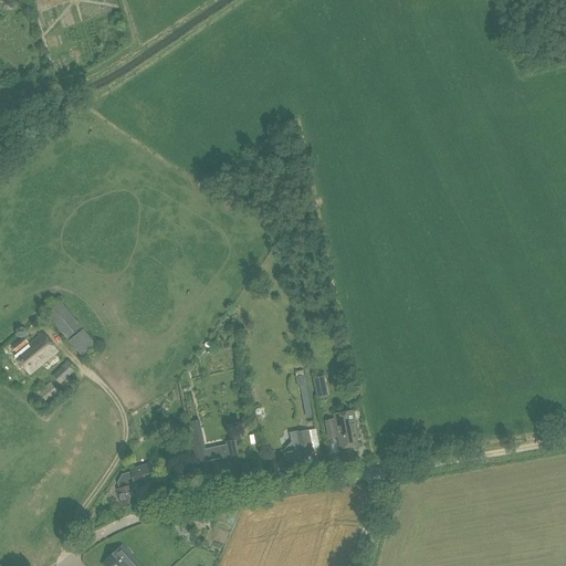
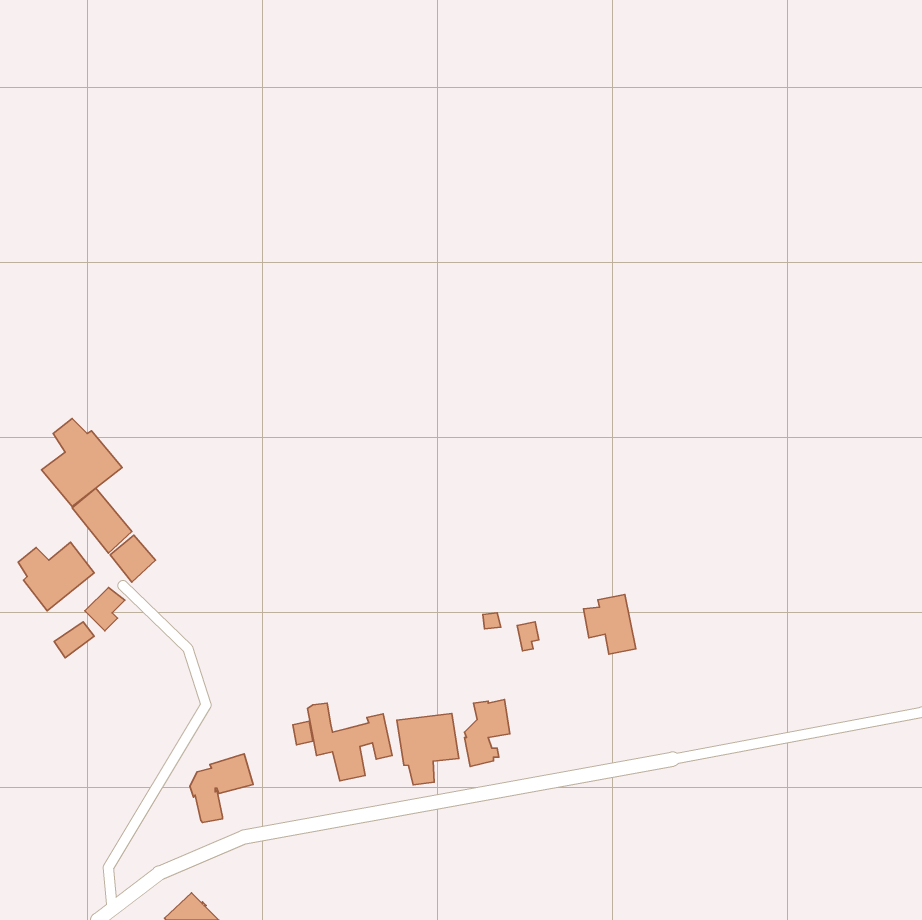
building: none -> [42,419,122,507]
building: [325,410,357,447] -> [583,594,636,654]
building: none -> [397,714,459,785]

